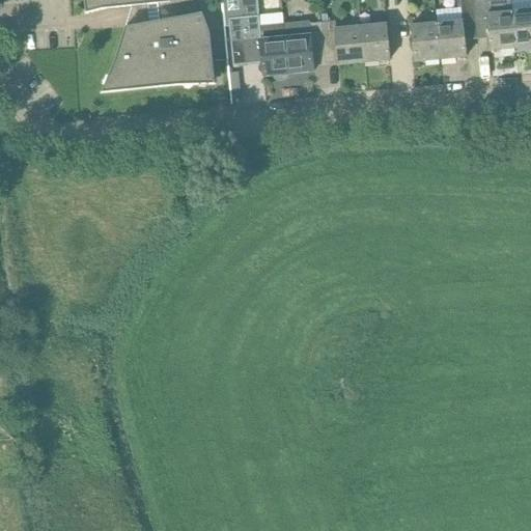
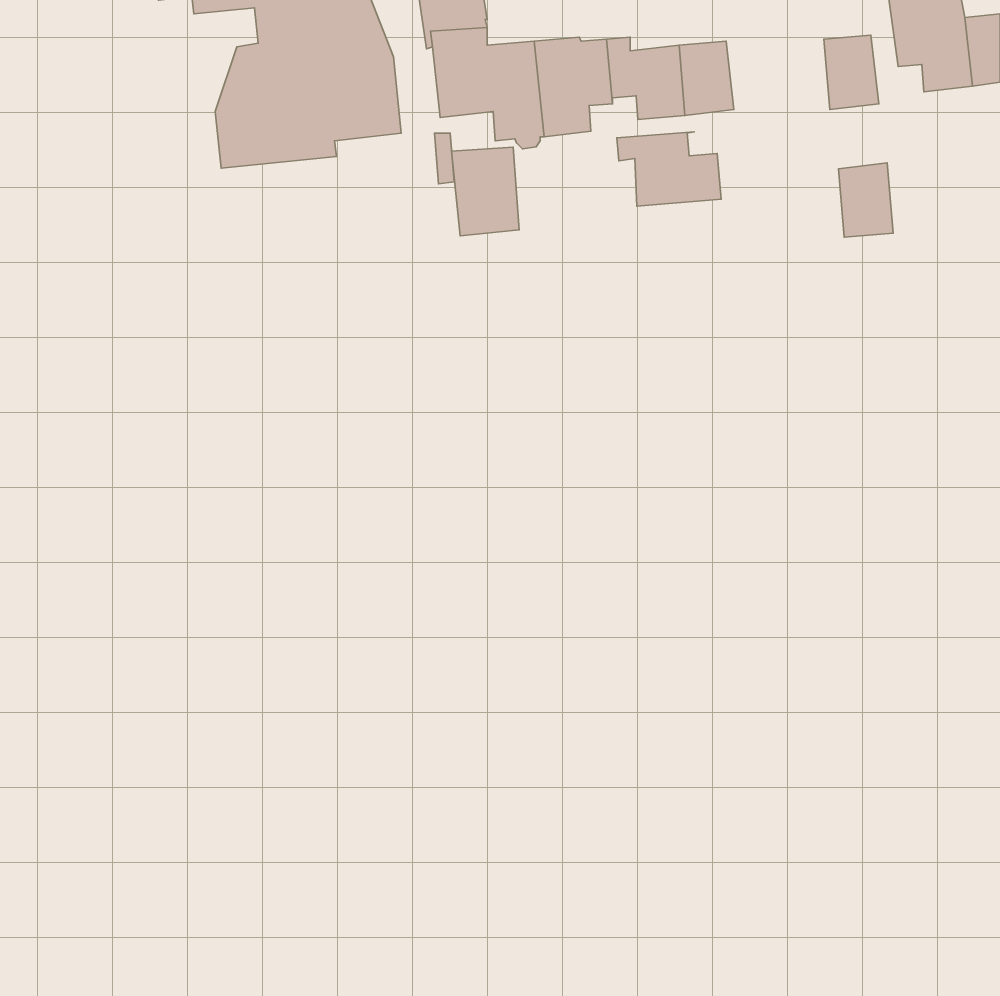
building: [411,21,440,60] -> [838,163,893,237]
building: none -> [617,132,721,206]
building: none -> [452,147,519,236]

